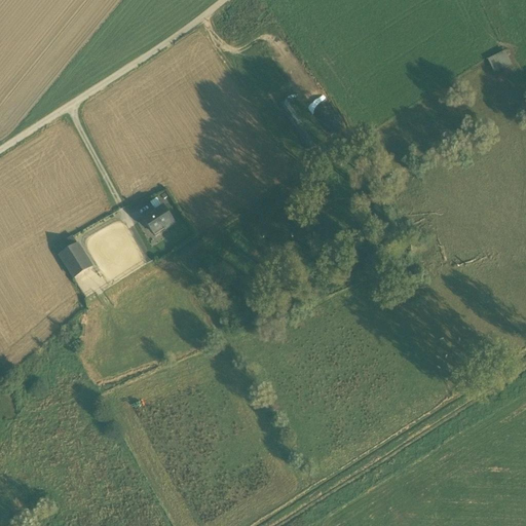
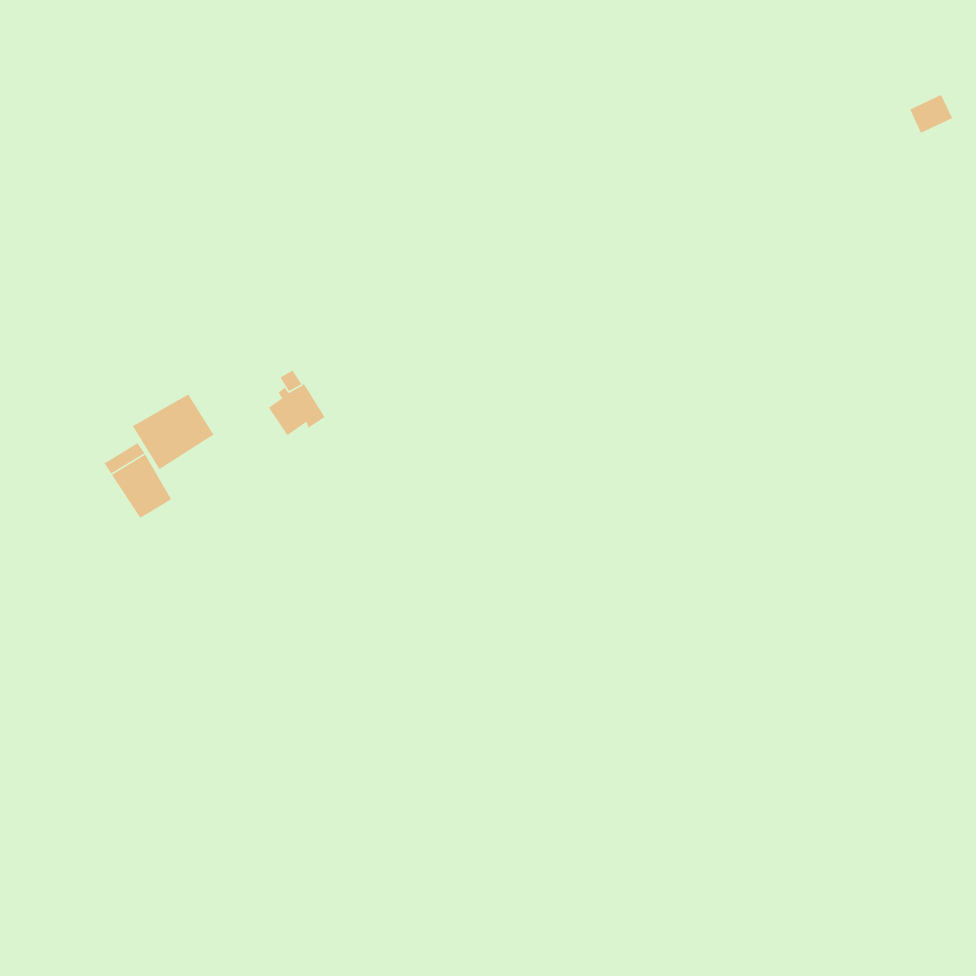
building: none -> [132,394,214,470]

